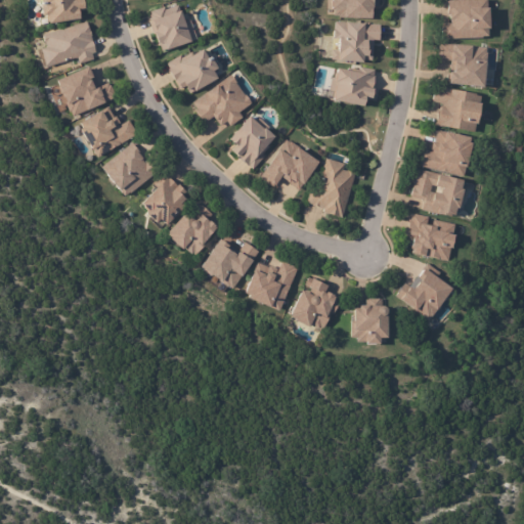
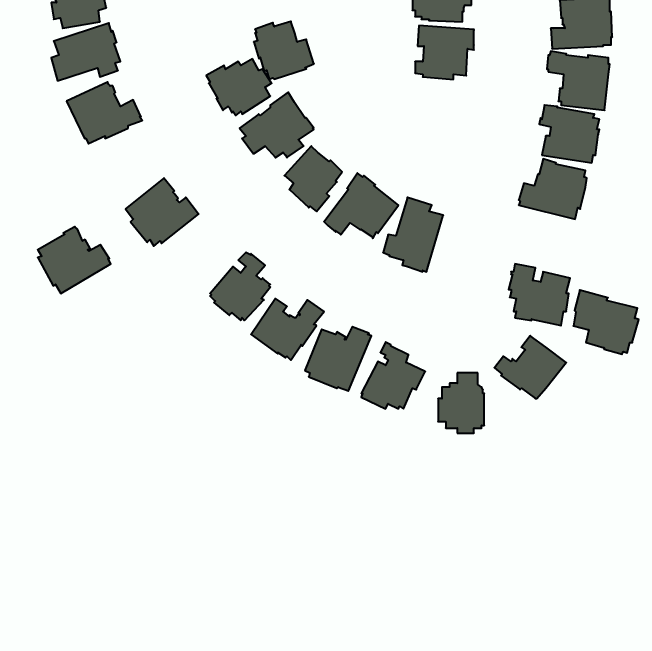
building: [150,4,199,50] -> [254,21,314,79]
building: [332,64,377,105] -> none
building: [79,104,137,158] -> [38,227,111,293]
building: [413,166,466,217] -> [573,290,639,354]
building: [142,173,189,227] -> none

